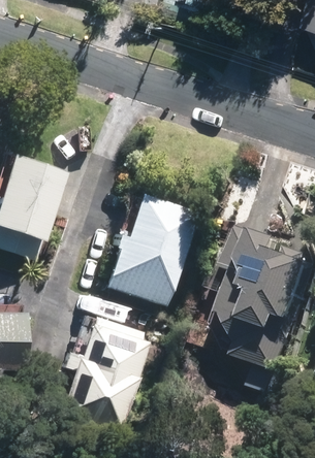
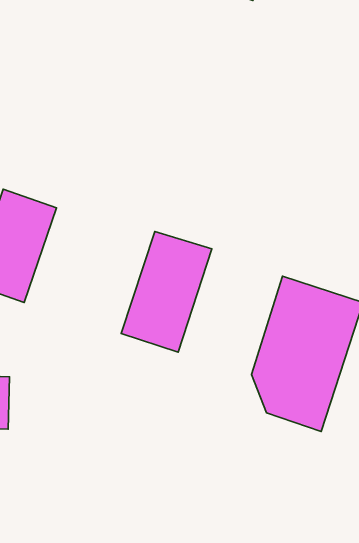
building: [66,323,139,420] -> none

